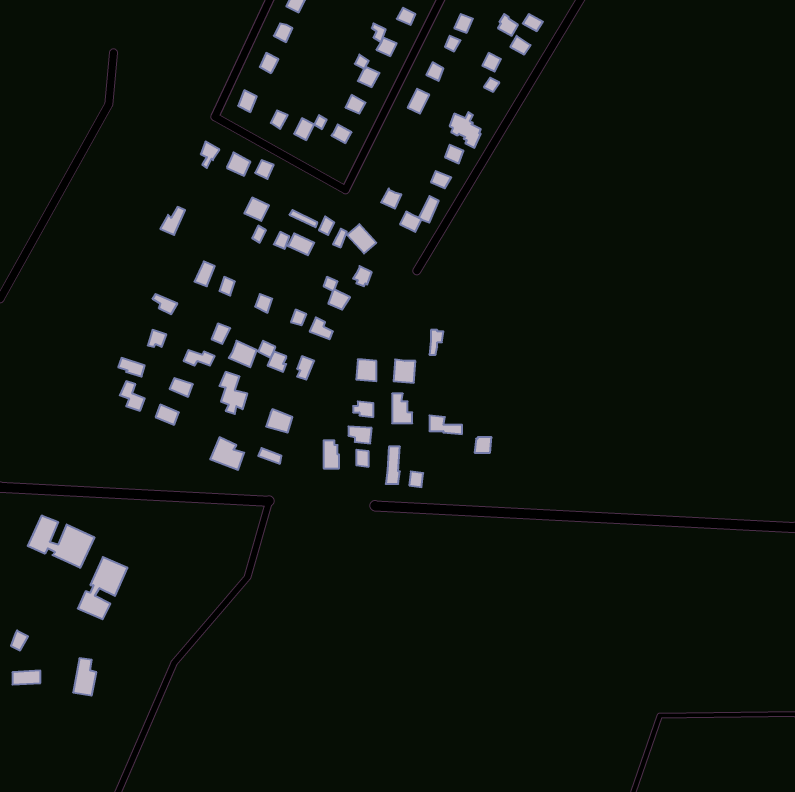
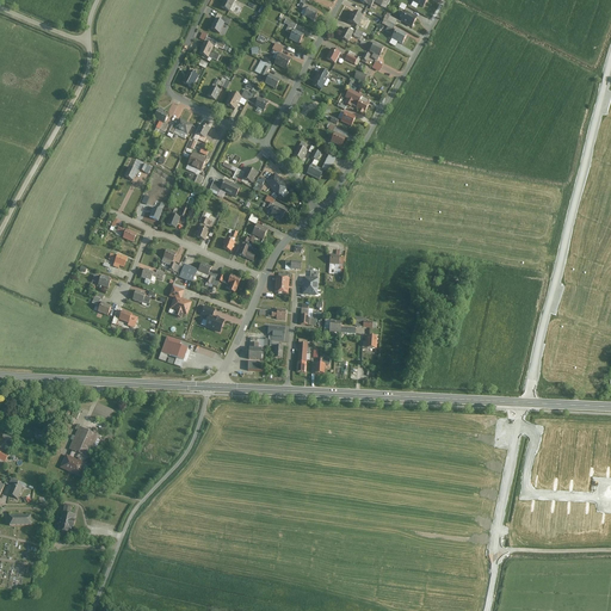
building: [28,515,94,568] -> none

